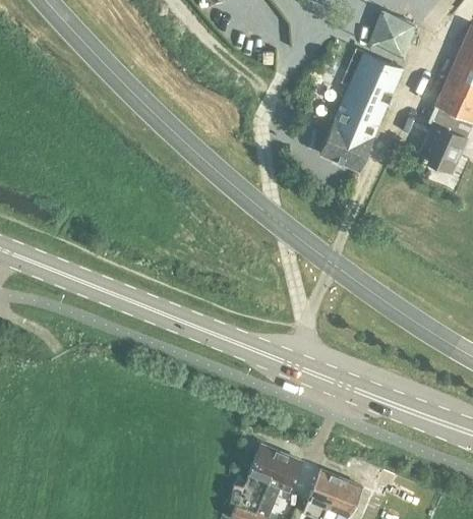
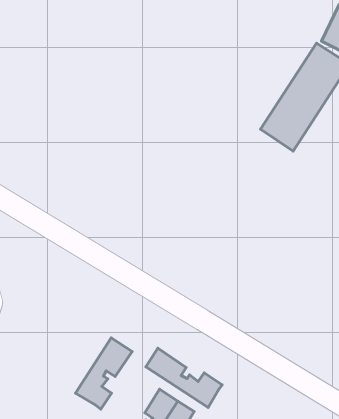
building: none -> [75,338,132,409]
building: none -> [146,348,222,407]

